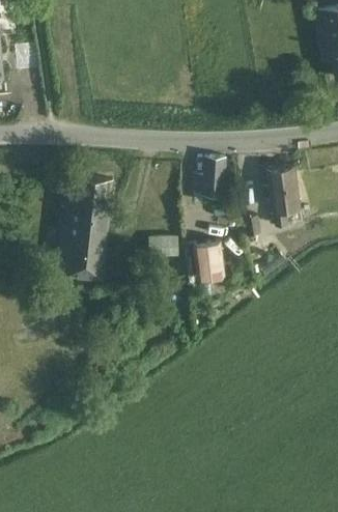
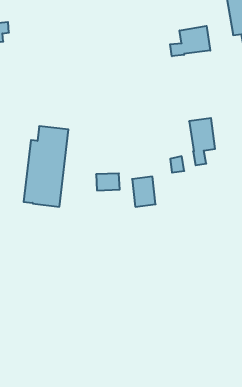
building: none -> [170,26,210,56]
building: [193,157,226,201] -> none

